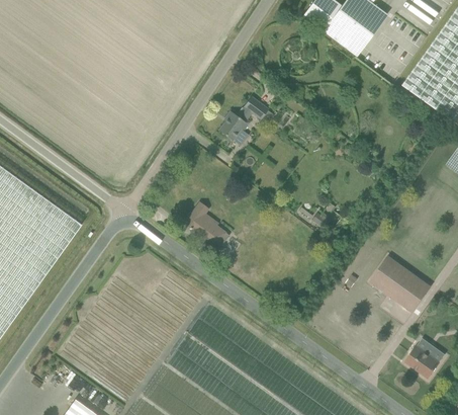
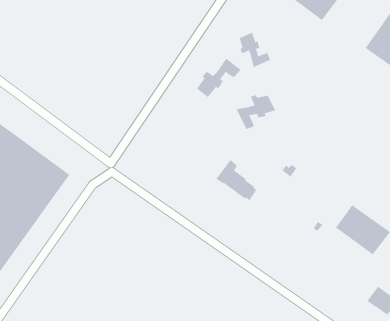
building: none -> [239,32,271,68]
building: none -> [236,94,276,130]
building: [183,201,228,247] -> [215,159,257,201]

